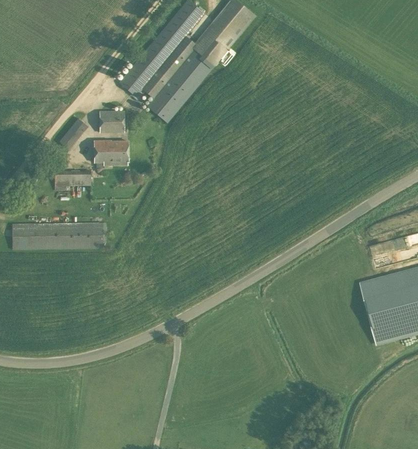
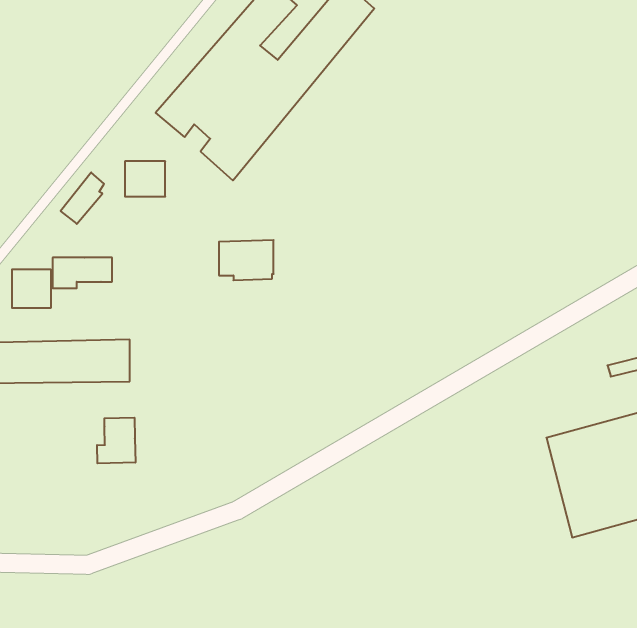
building: [94,141,128,166] -> [219,240,274,280]
building: none -> [12,269,51,308]
building: none -> [97,418,135,463]

